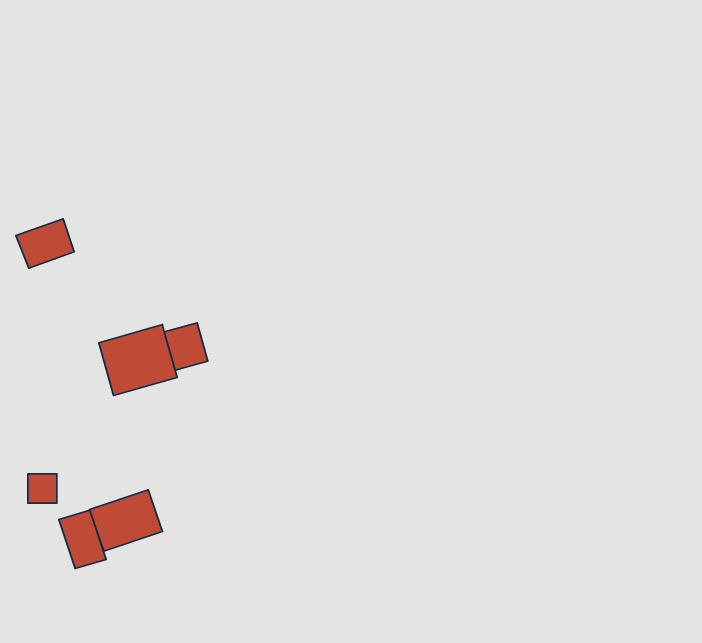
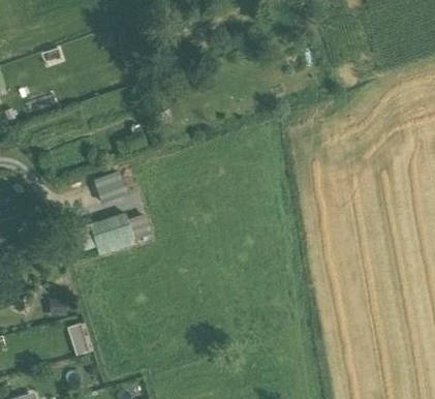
building: [16,219,74,268] -> [91,171,124,198]
building: [89,490,163,551] -> none

